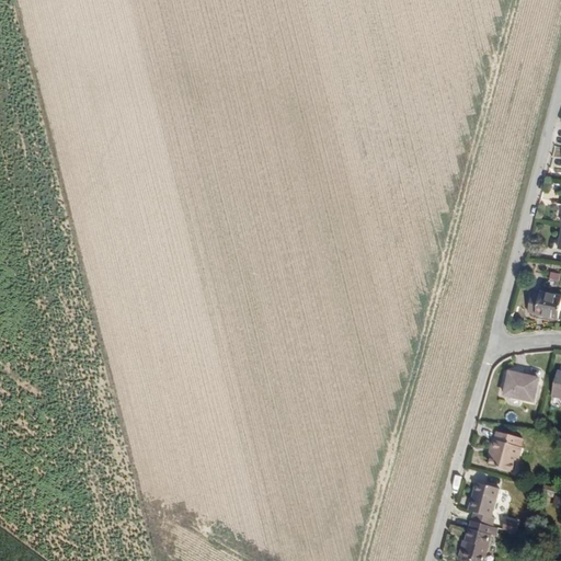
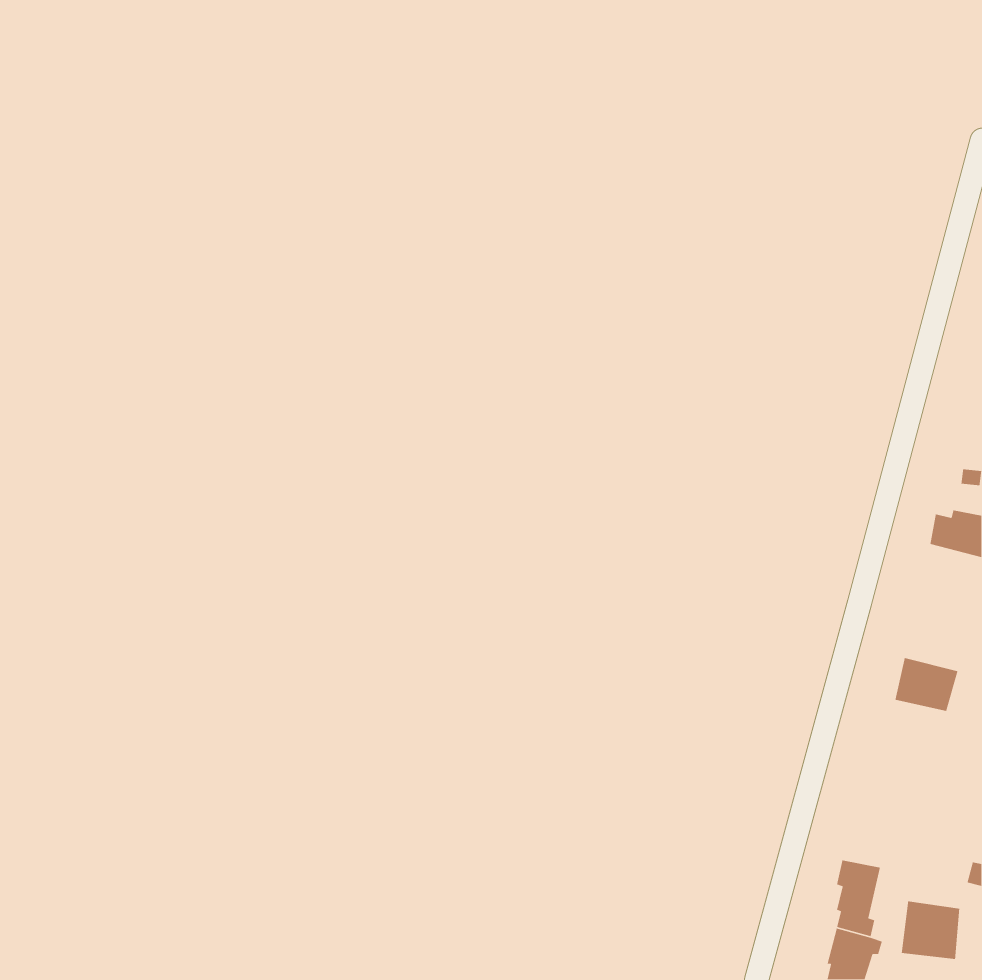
building: [488,432,522,472] -> none
building: none -> [901,901,960,960]

